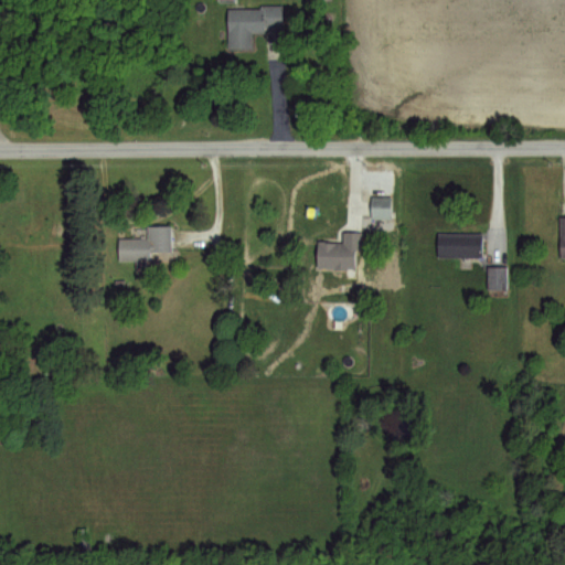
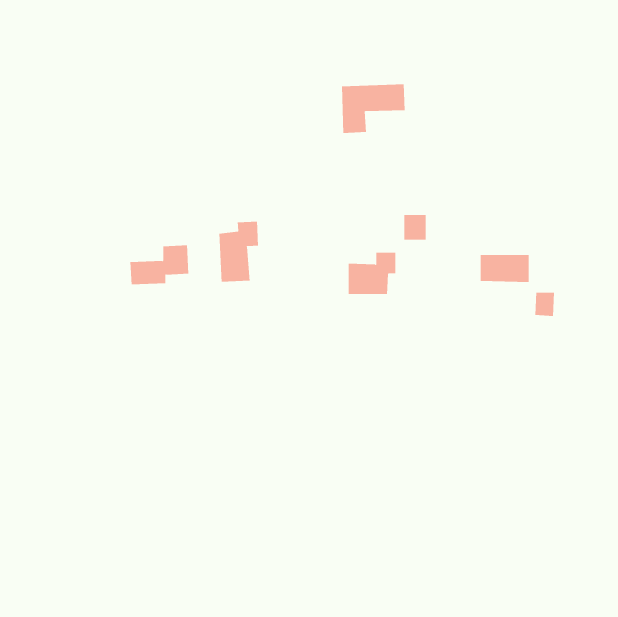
building: [227,9,286,54] -> [341,84,406,133]
building: none -> [219,221,259,282]

